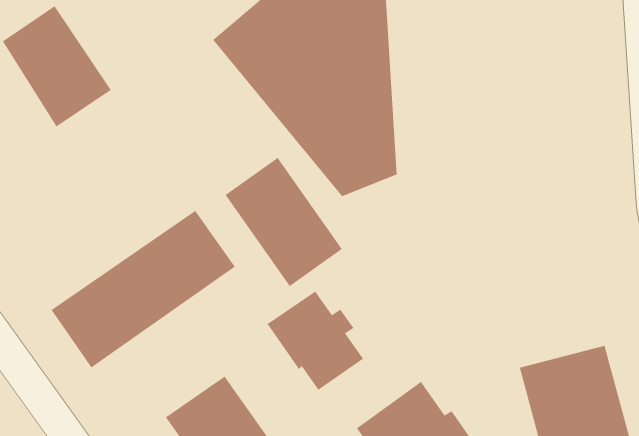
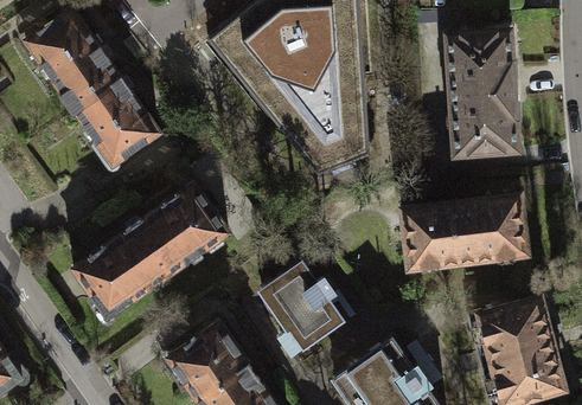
building: none -> [446,25,516,149]
building: none -> [77,84,159,168]
building: [224,157,343,287] -> none
building: none -> [403,197,530,269]

